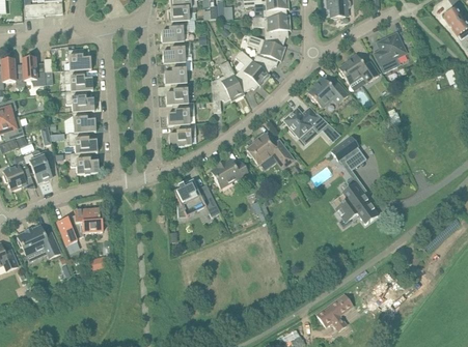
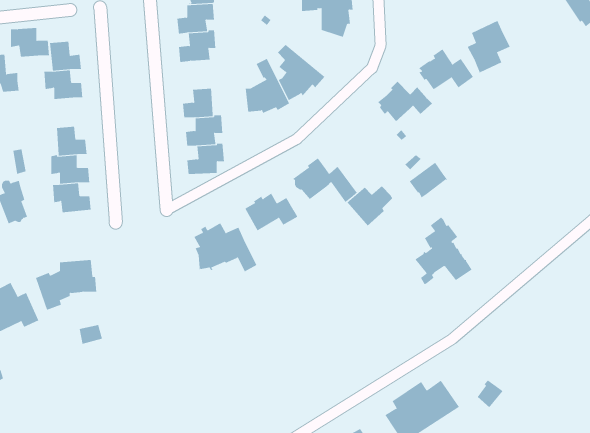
building: [241,34,285,74] -> none
building: [164,61,187,83] -> none
building: [65,89,94,111] -> [10,28,50,57]
building: [283,107,318,137] -> [346,186,393,227]

